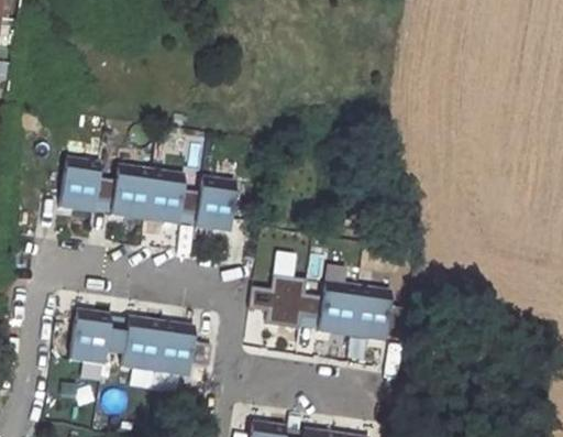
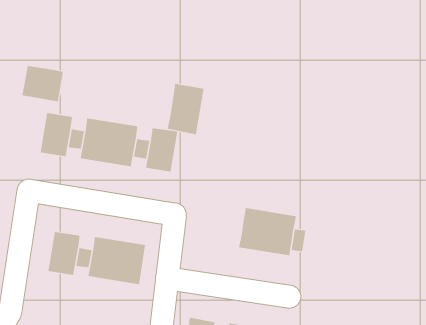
building: none -> [22,65,63,102]
building: none -> [167,83,204,135]
building: [252,275,321,325] -> none

